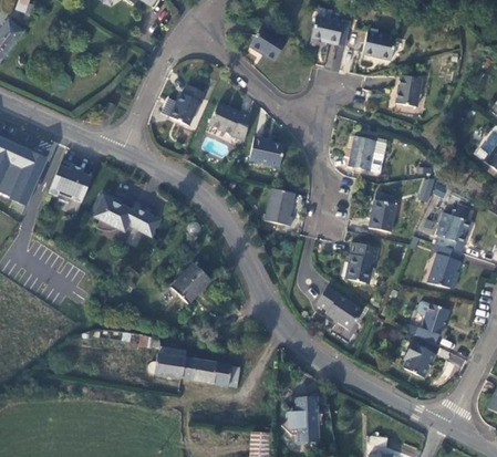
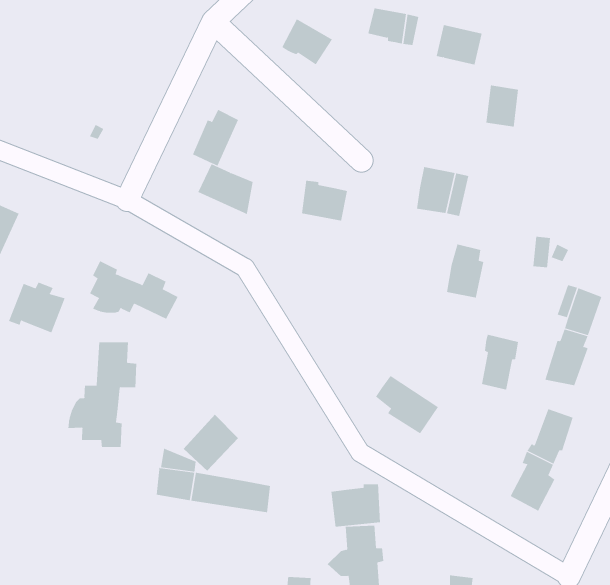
building: [216,106,257,144] -> [197,164,253,215]
building: [58,169,100,207] -> [8,282,66,333]
building: [272,190,300,228] -> none
building: [342,238,370,279] -> [481,334,519,390]
building: [165,257,206,299] -> [183,414,239,471]
building: none -> [68,341,137,448]
building: none -> [331,483,381,528]

